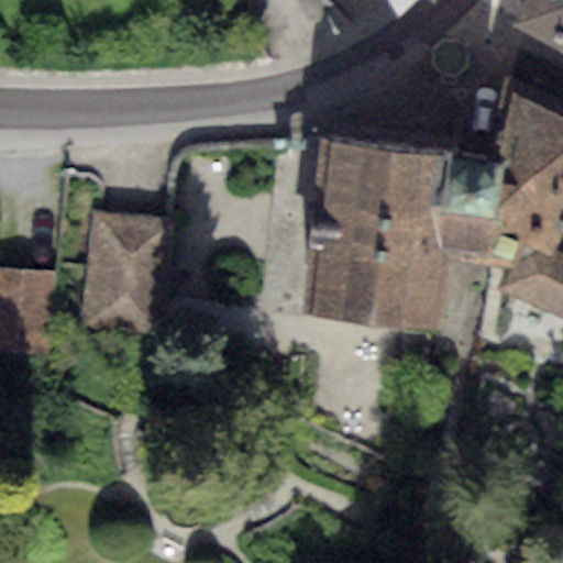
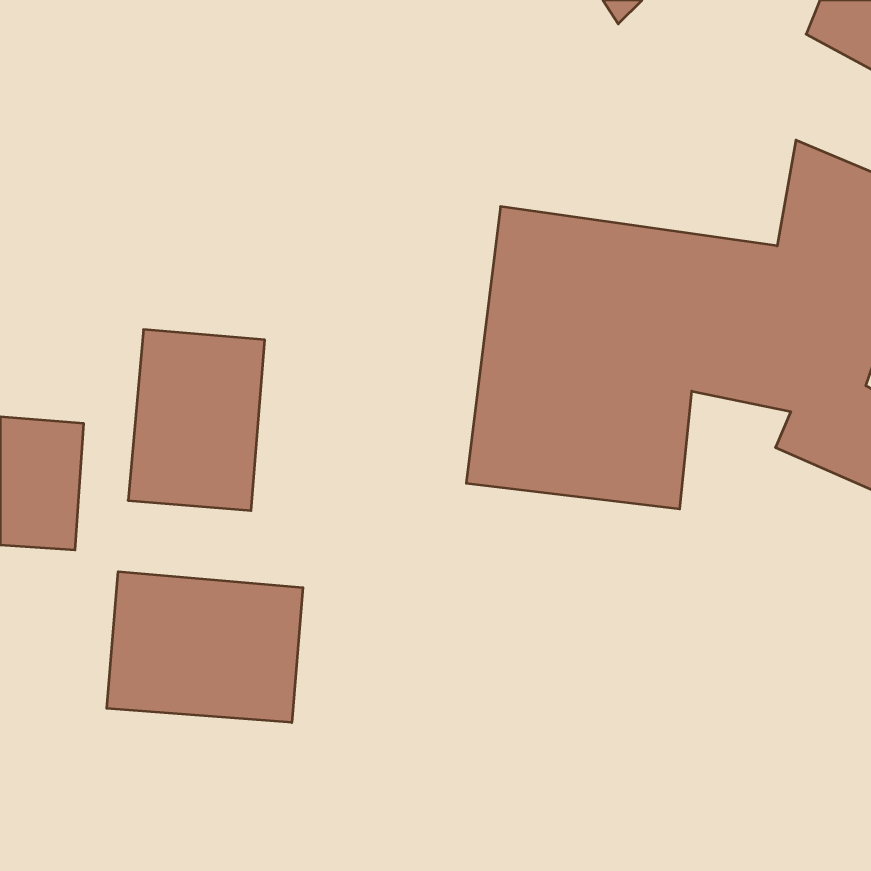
building: none -> [107,572,303,723]

